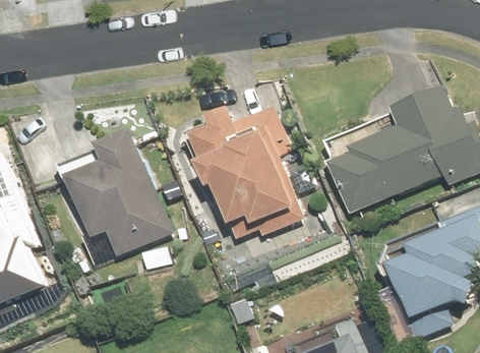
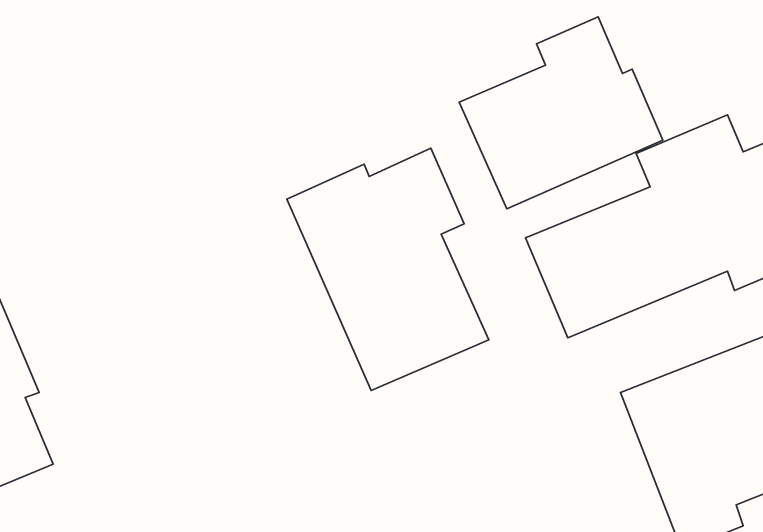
building: none -> [459,17,663,209]
building: [57,128,171,262] -> none

